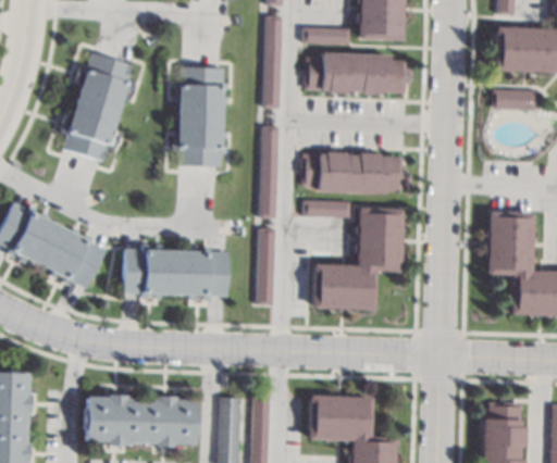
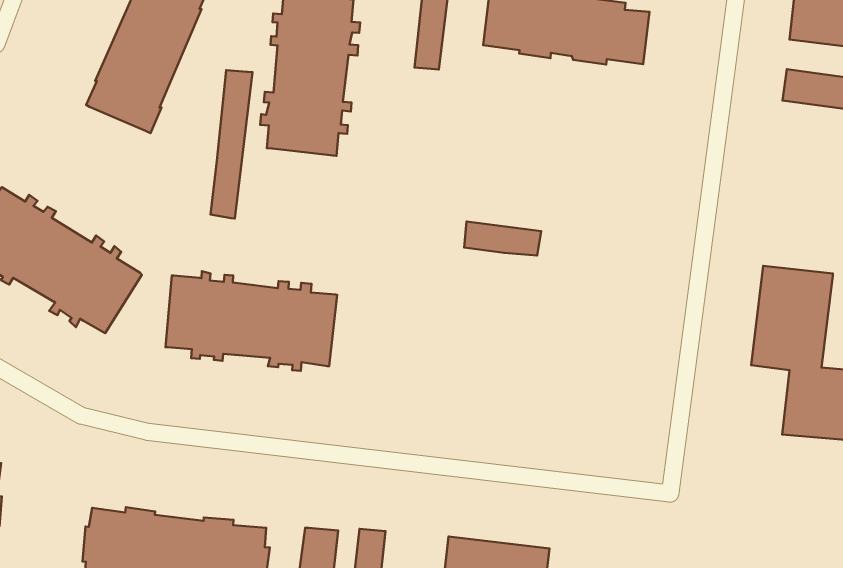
building: [261,127,280,218] -> [211,70,252,218]
building: [304,152,405,193] -> none
building: [313,209,404,311] -> none
building: [257,228,276,305] -> none

